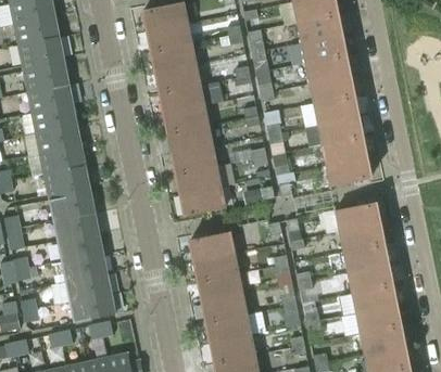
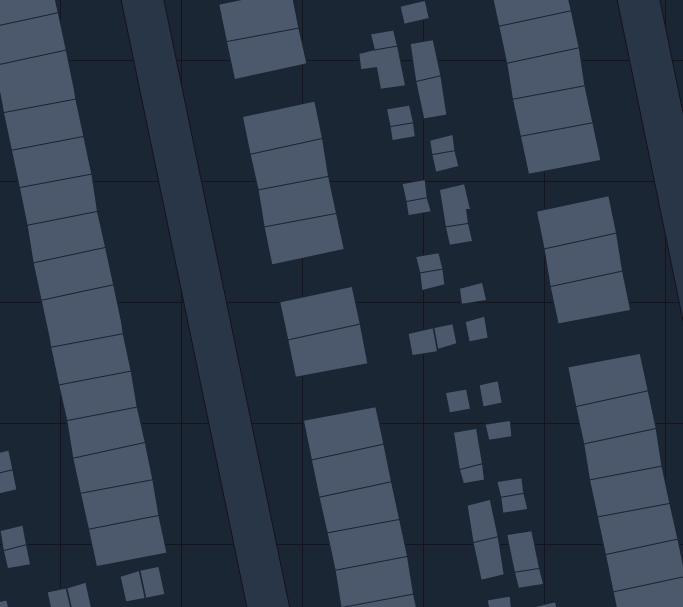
building: [151,42,196,72] -> none
building: [313,95,357,124] -> none
building: [172,144,216,174] -> none

